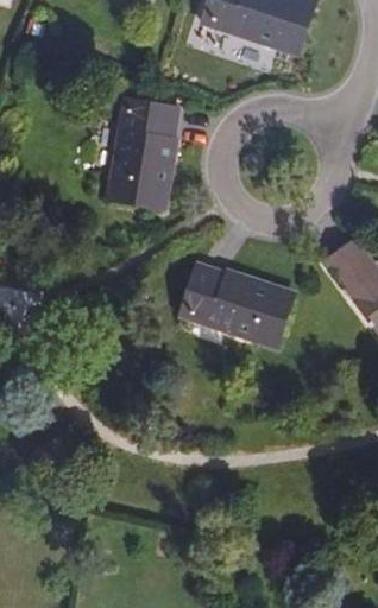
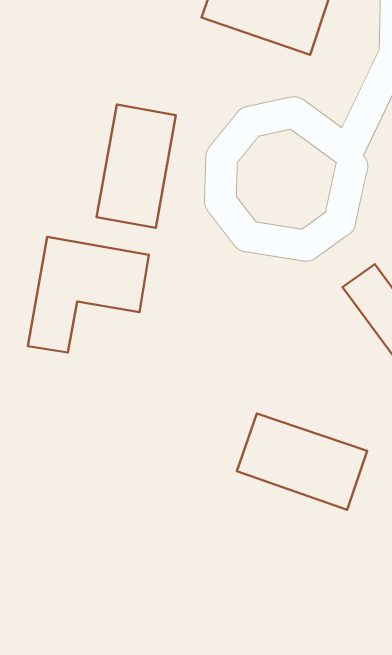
building: none -> [28,237,149,353]
building: [179,262,295,348] -> [237,413,367,510]

